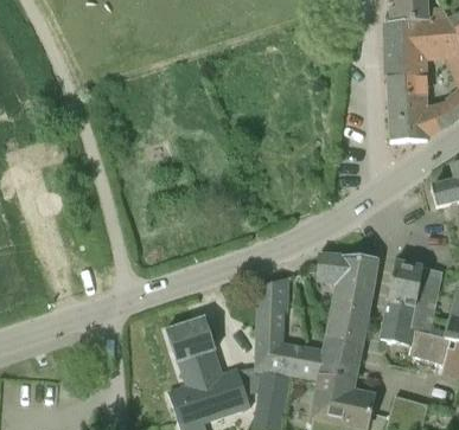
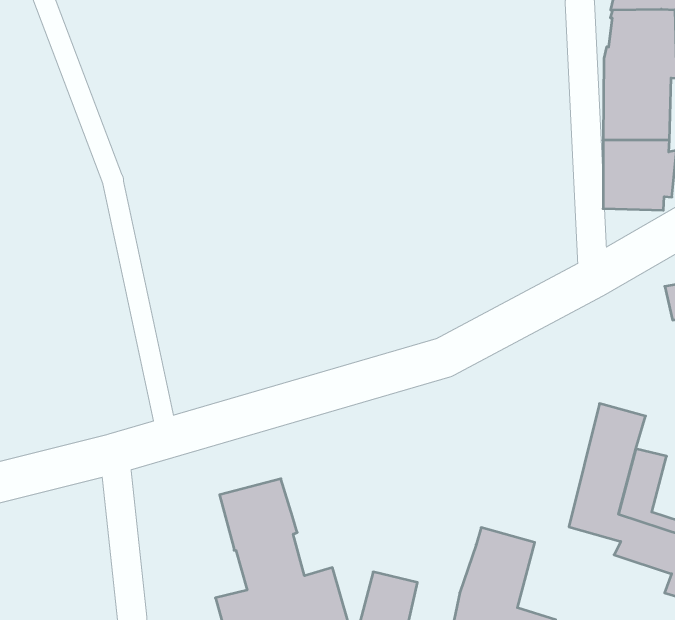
building: [317,255,378,347] -> none
building: [257,278,325,380] -> none

